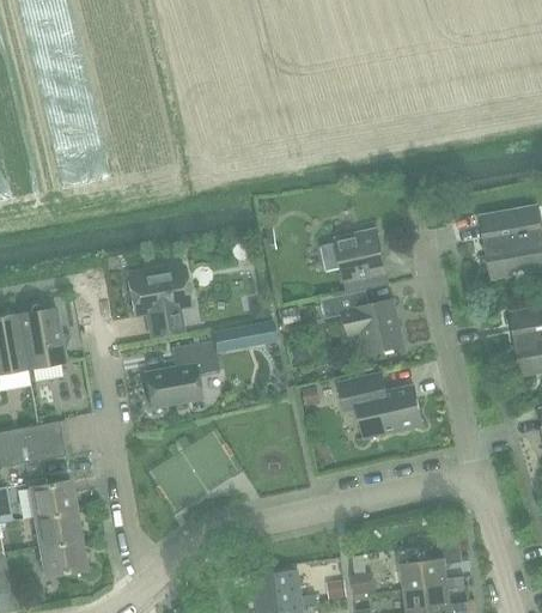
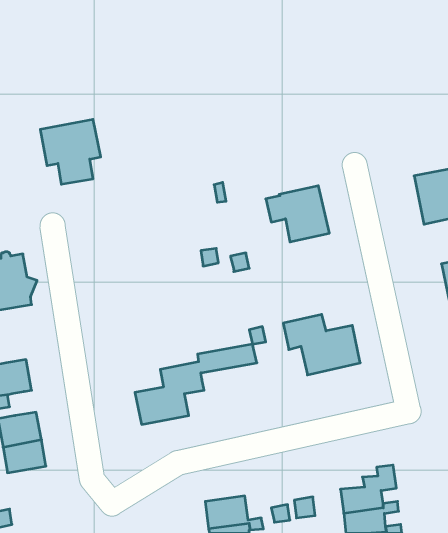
building: [127,266,193,336] -> [40,119,101,184]
building: [322,290,403,354] -> none
building: [144,320,276,407] -> [135,344,257,424]
building: [38,538,85,576] -> none

